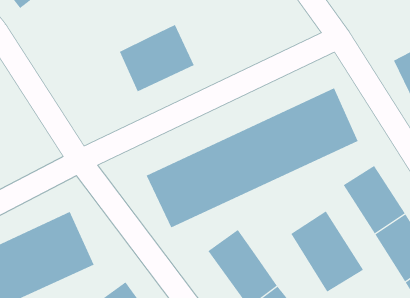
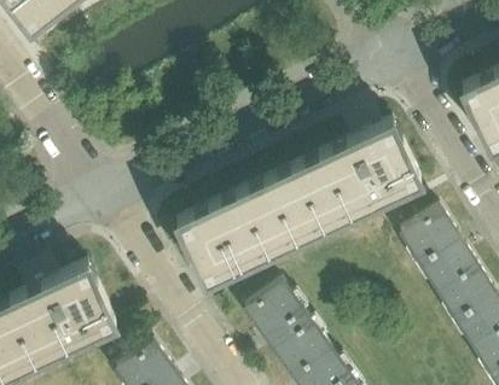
building: [119,24,195,92] -> none
building: [290,211,364,292] -> none

